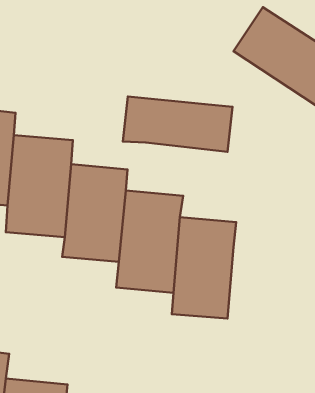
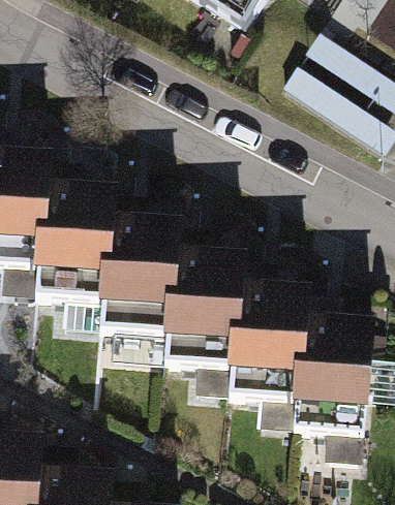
building: [123,96,233,152] -> none
building: none -> [280,317,361,436]

